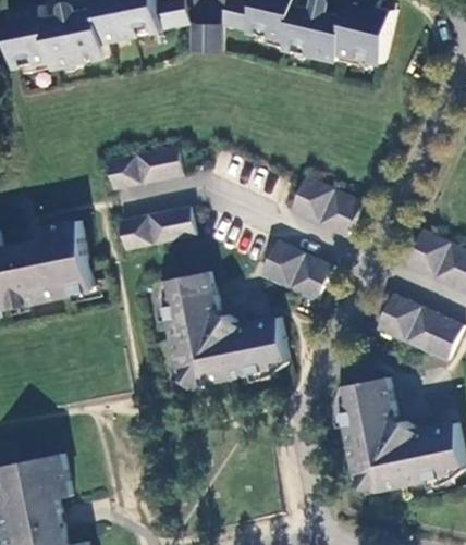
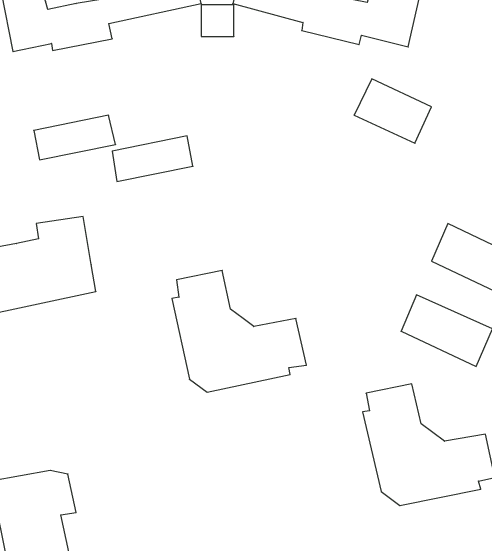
building: [290,175,361,235] -> [354,79,431,143]
building: [119,207,195,248] -> [34,115,116,160]
building: [260,239,332,299] -> none

